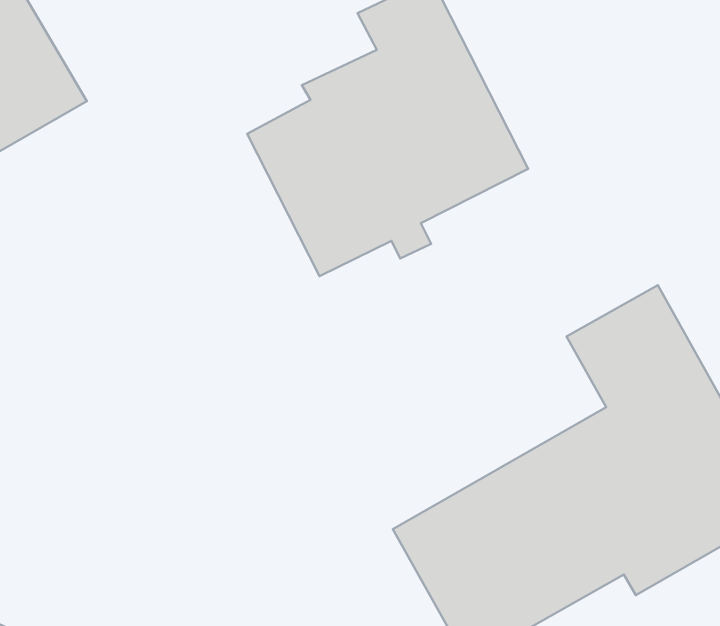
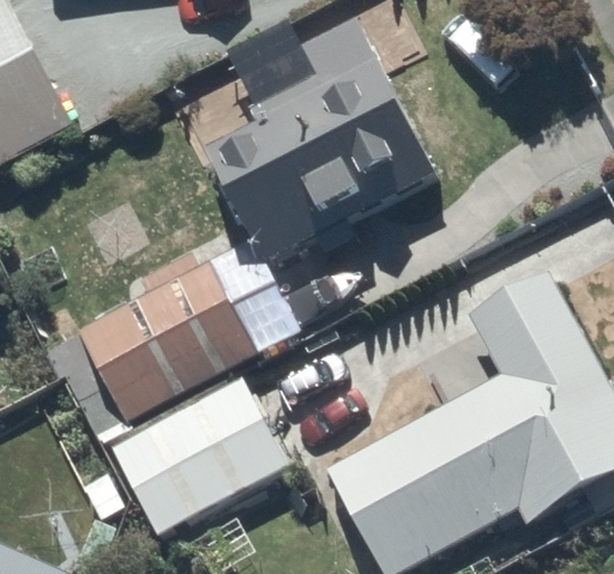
building: none -> [59,253,255,422]
building: none -> [112,380,288,538]

